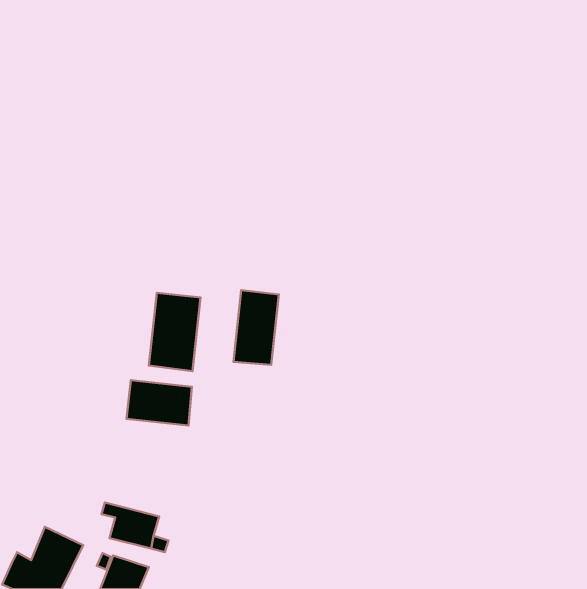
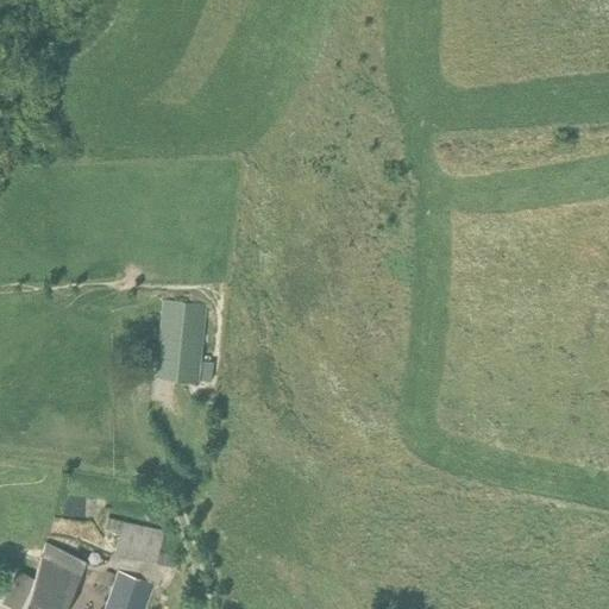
building: [233,290,279,365] -> none
building: [126,380,192,426] -> none

